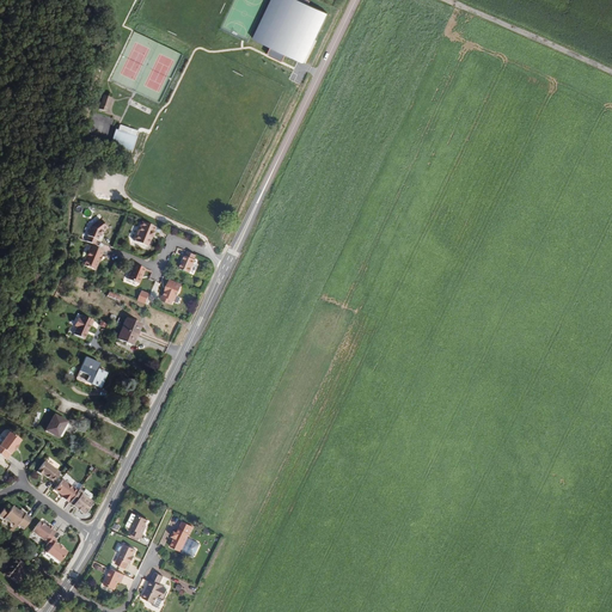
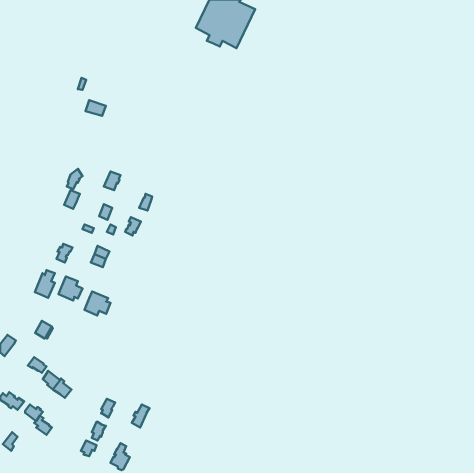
building: none -> [35,270,55,298]
building: none -> [84,292,110,316]

